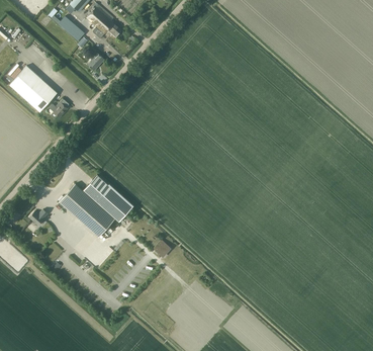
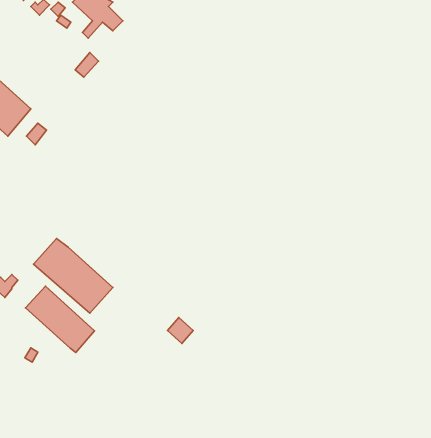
building: [83,174,131,221] -> [25,286,95,353]

